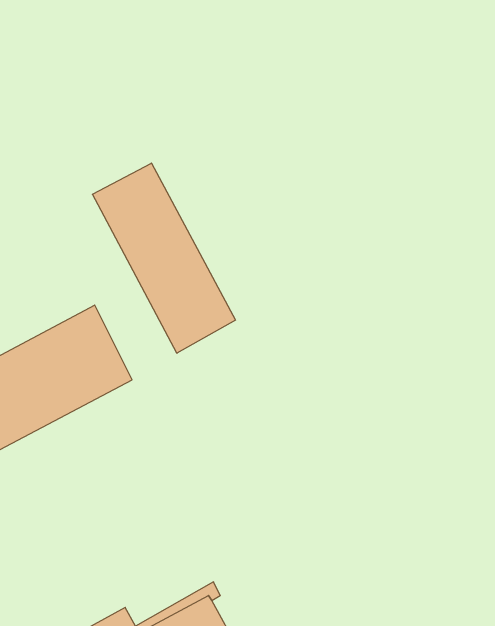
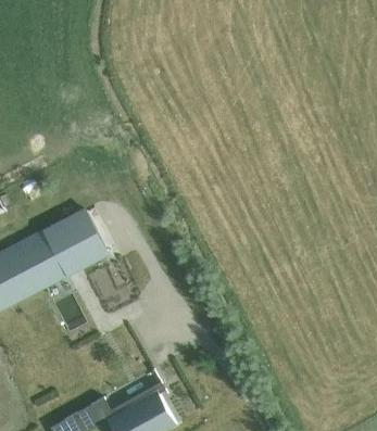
building: [92,163,235,353] -> none

